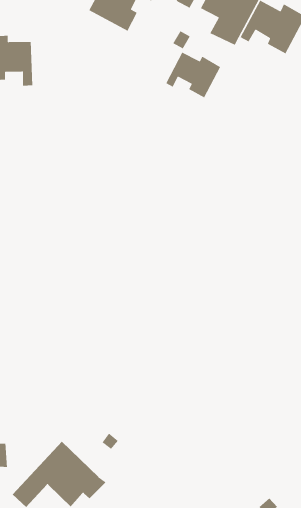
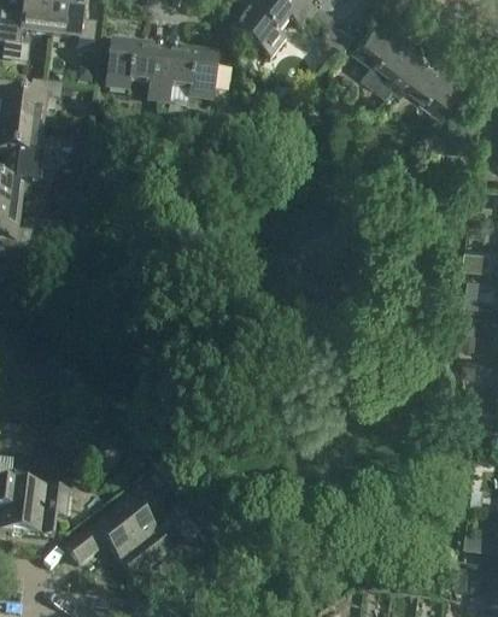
building: none -> [159,47,232,101]
building: [165,51,221,99] -> none

